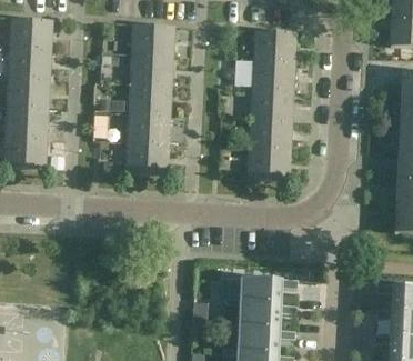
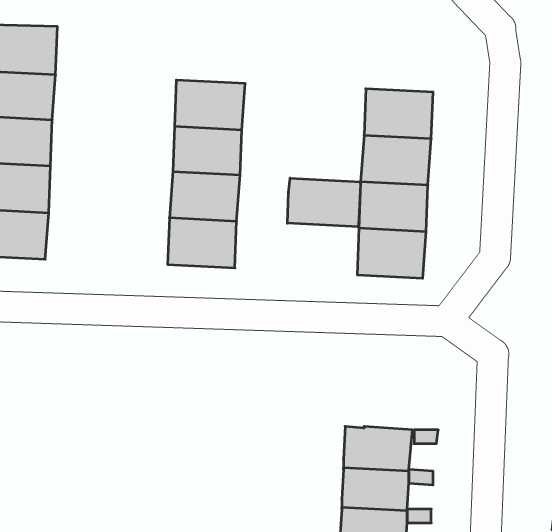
building: [130,22,175,54] -> none
building: [252,28,296,60] -> none
building: none -> [287,178,361,227]

